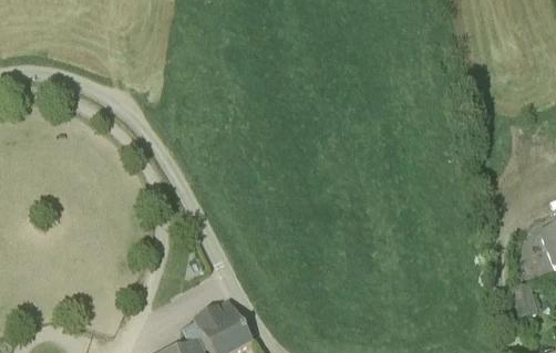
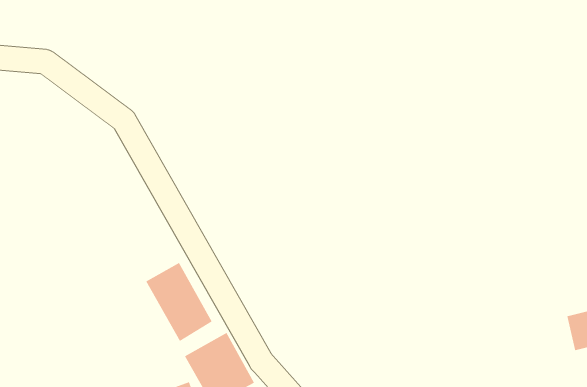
building: none -> [145,262,213,342]

